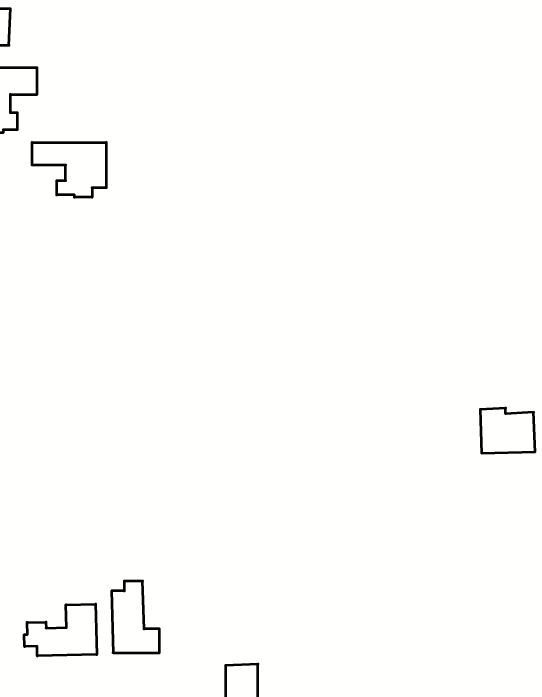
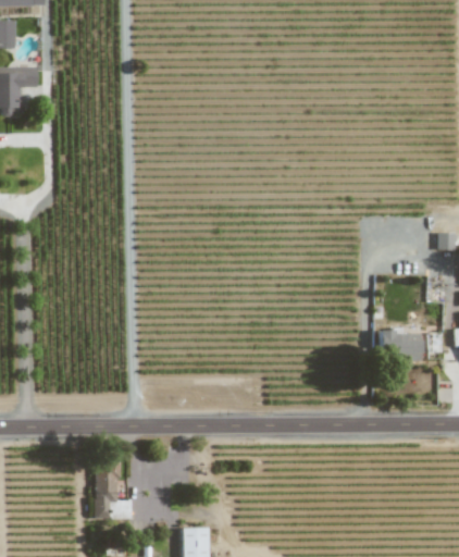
building: [32,142,106,197] -> none
building: [24,604,97,656] -> none

